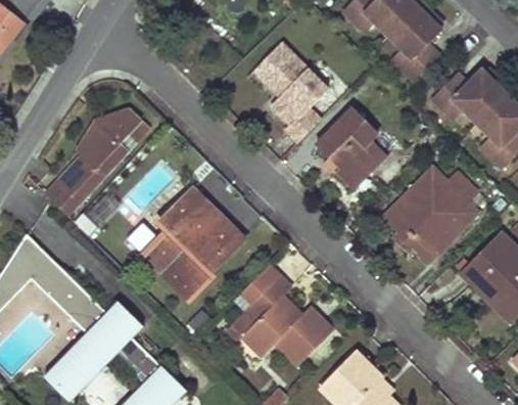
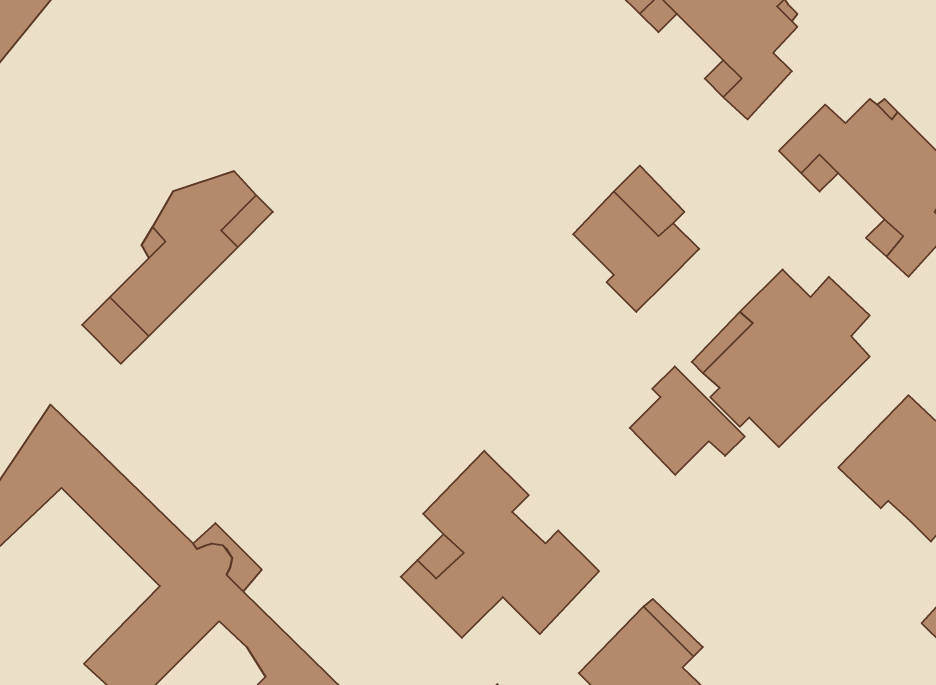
building: [253,44,327,142] -> none
building: [145,186,245,298] -> none
building: none -> [630,366,745,475]

